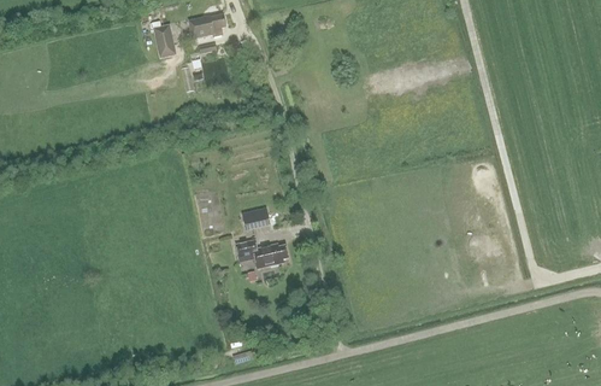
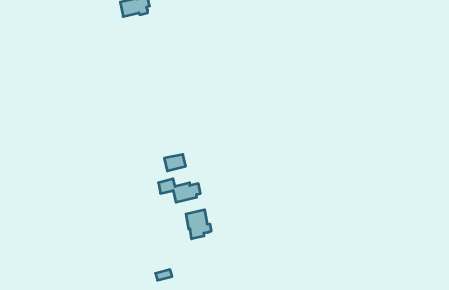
building: [153,24,176,58] -> none
building: none -> [186,210,211,239]

